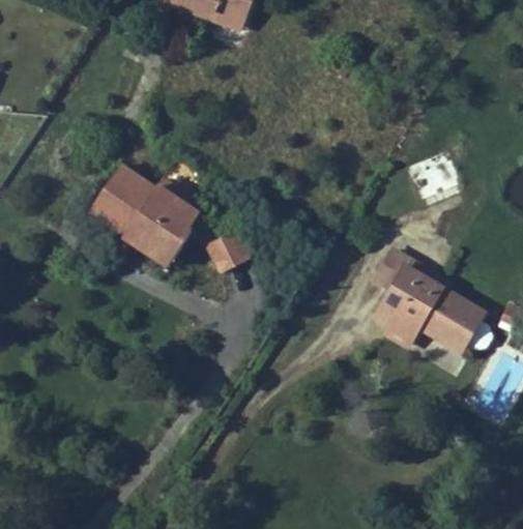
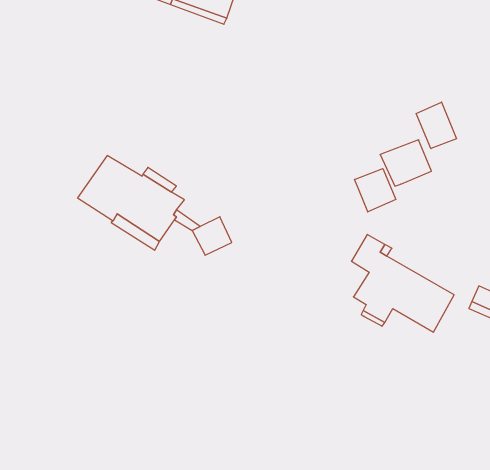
building: none -> [416,102,456,149]
building: none -> [355,169,396,212]

